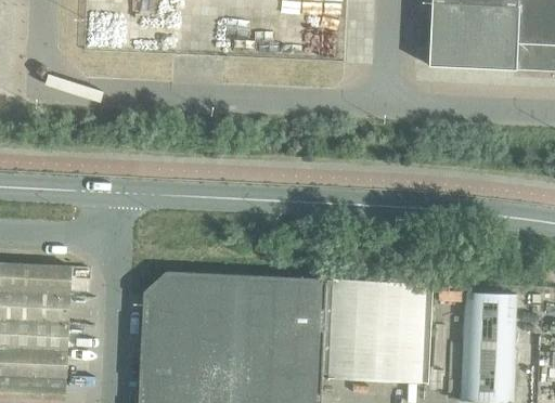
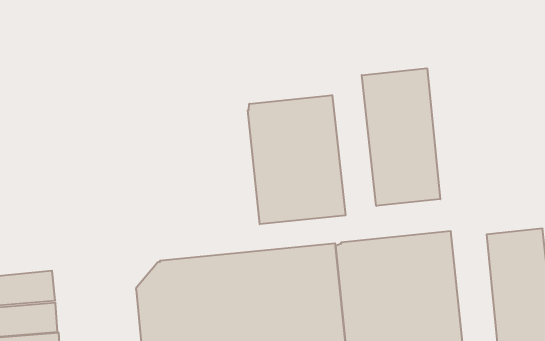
building: none -> [362,68,440,206]
building: none -> [248,95,345,224]

